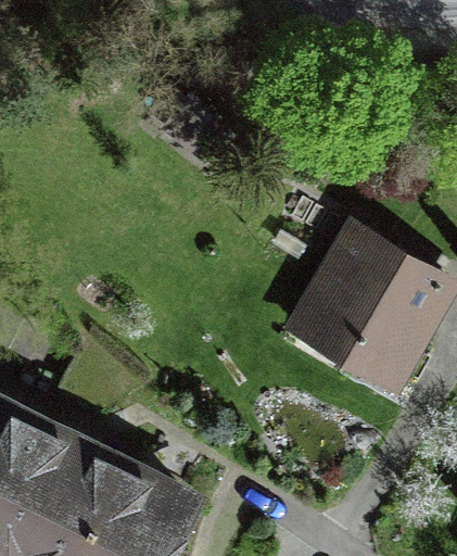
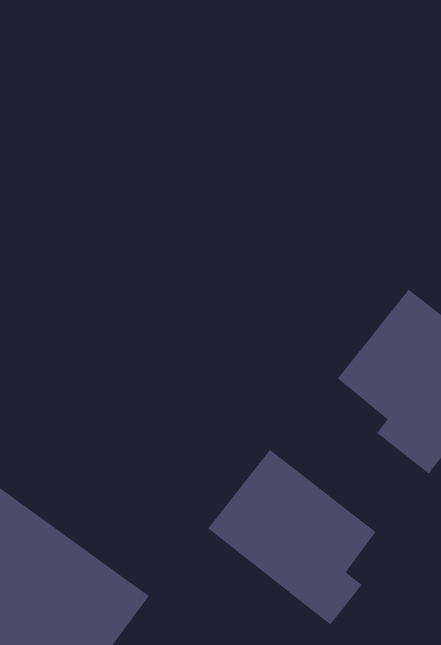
building: none -> [207,449,376,626]

